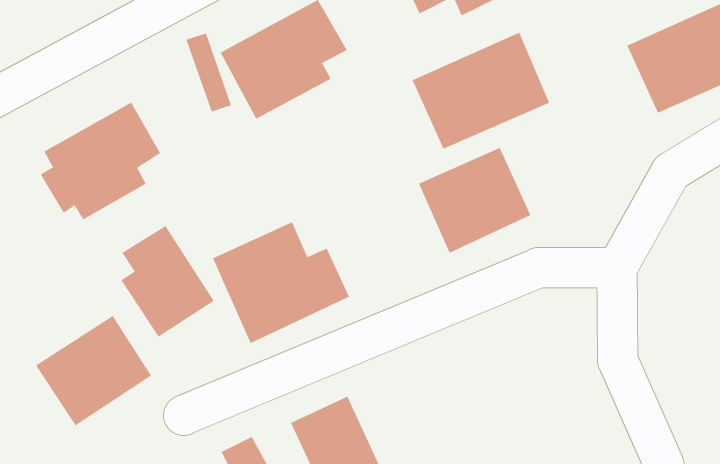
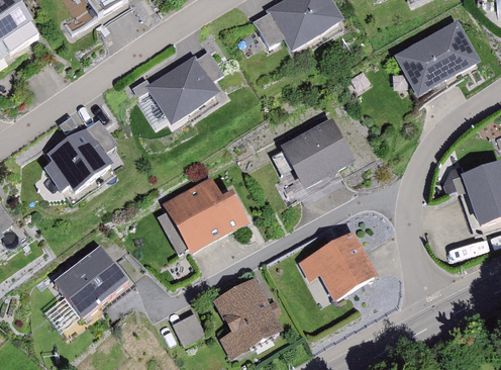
building: [412,32,550,150] -> none
building: [121,225,215,338] -> none
building: none -> [296,238,365,297]

